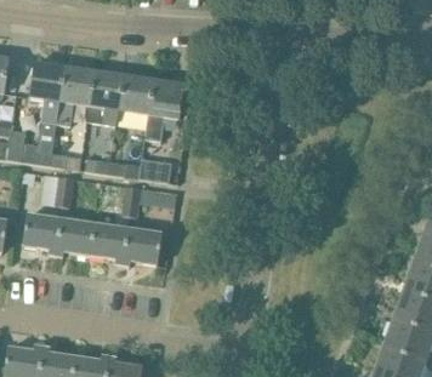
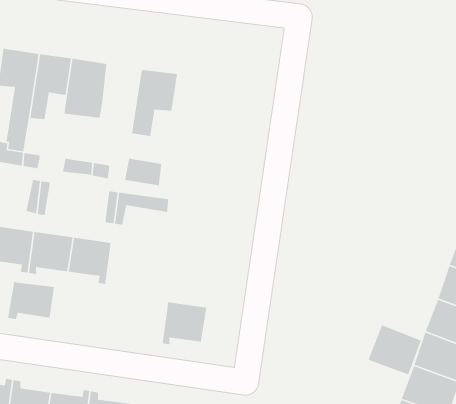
building: [120,75,153,112] -> none
building: [123,229,161,267] -> [162,302,207,345]
building: none -> [7,282,55,320]
building: none -> [368,324,422,375]

